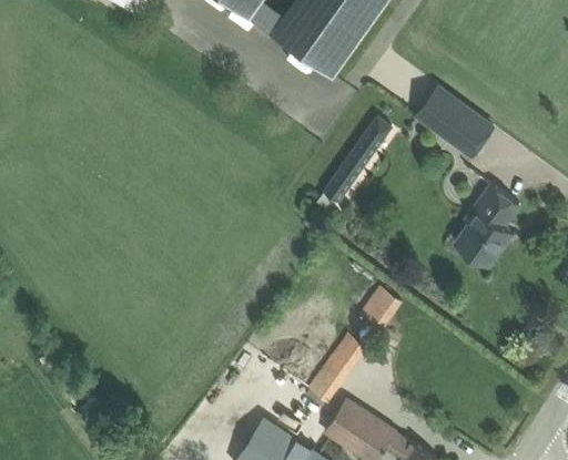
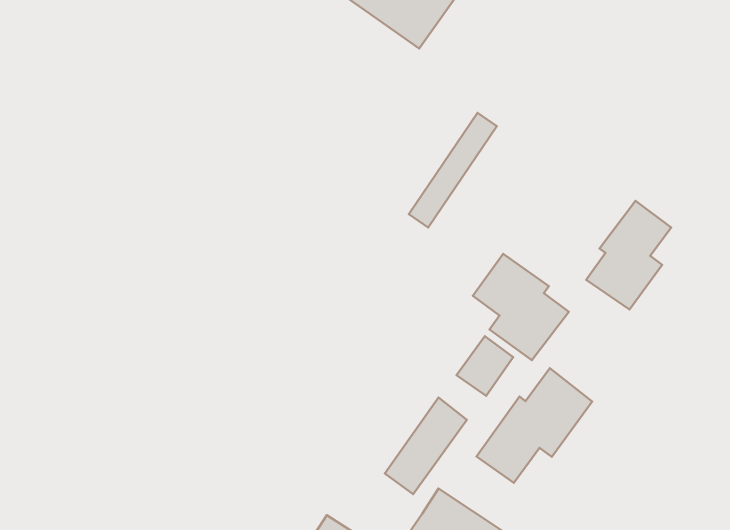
building: [413,83,495,159] -> none
building: none -> [473,254,569,360]
building: none -> [477,368,592,483]

